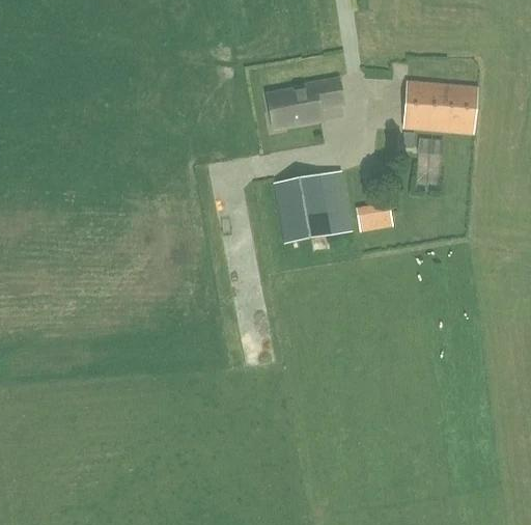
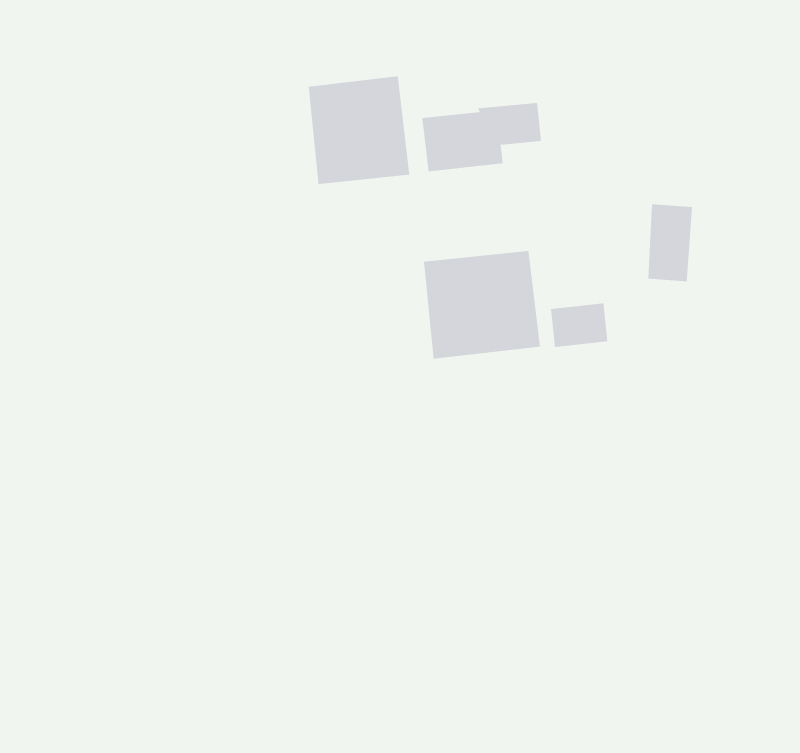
building: none -> [308,75,410,185]
building: [404,80,478,134] -> none

